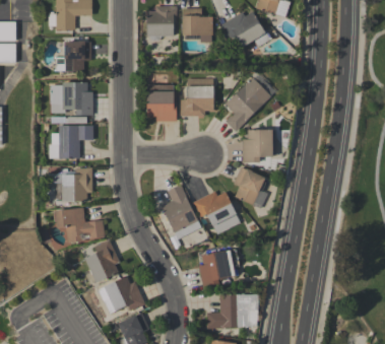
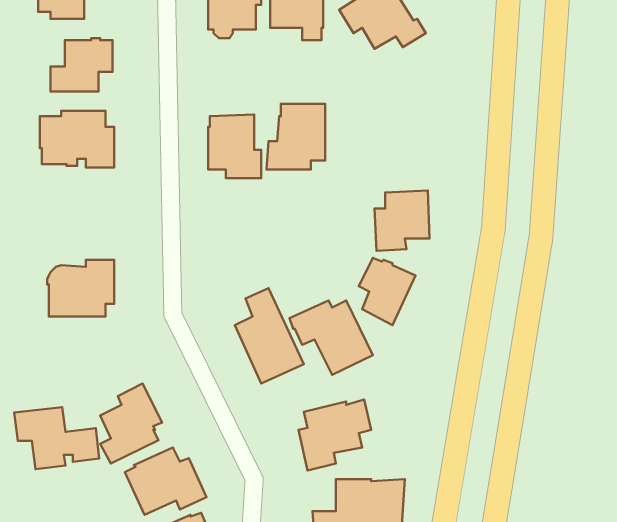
building: [226,77,271,131] -> none
building: [49,125,93,157] -> none
building: [56,207,105,243] -> [14,407,99,469]

